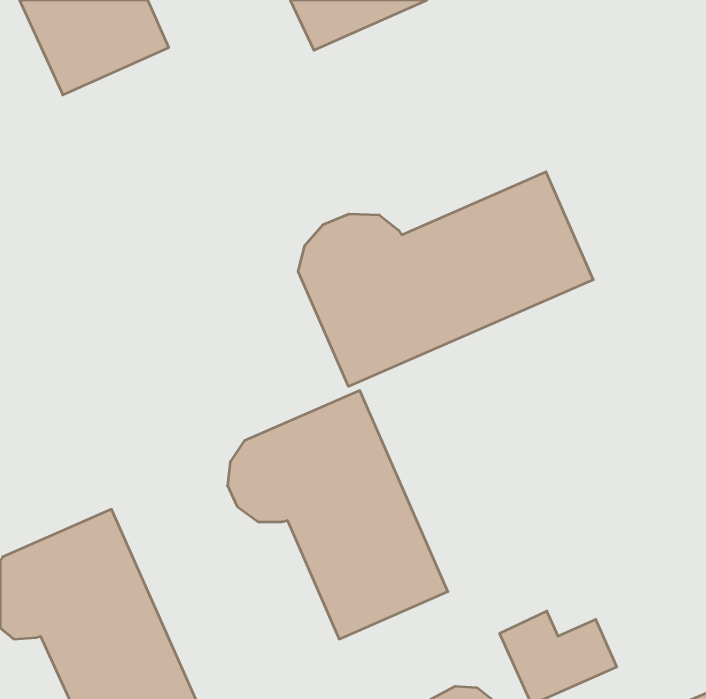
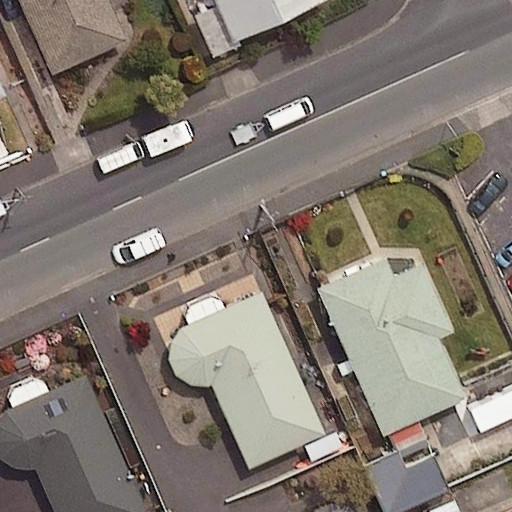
building: [298,172,593,386] -> none
building: none -> [316,256,466,434]

